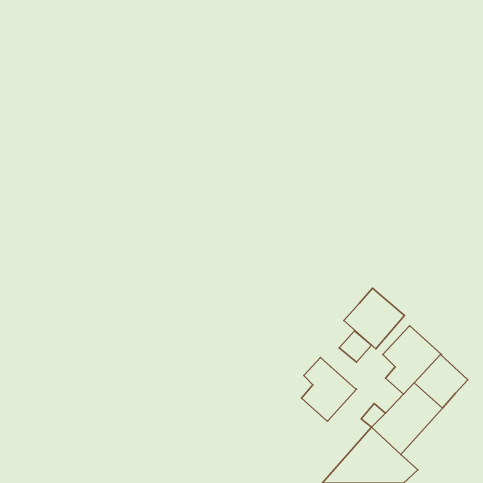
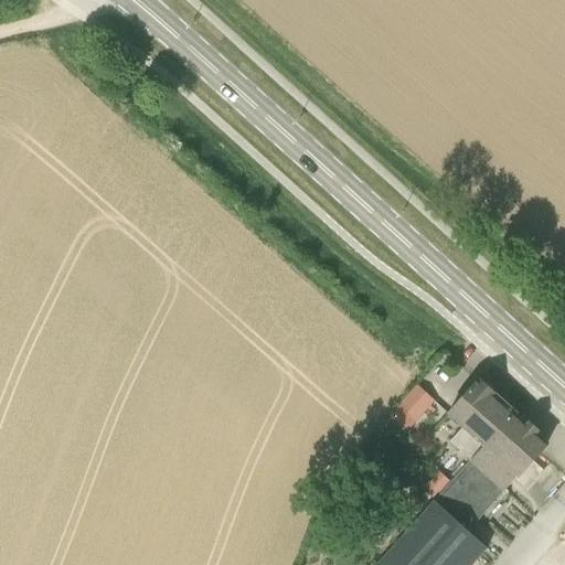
building: [344,288,404,349] -> none
building: [302,358,357,421] -> none

